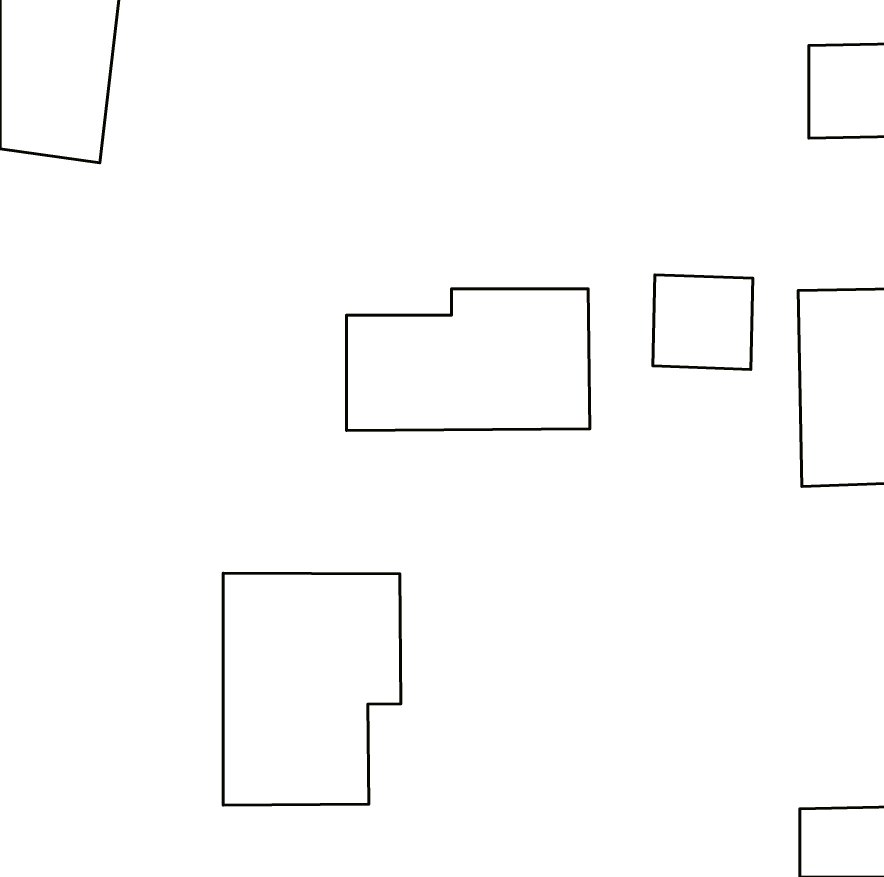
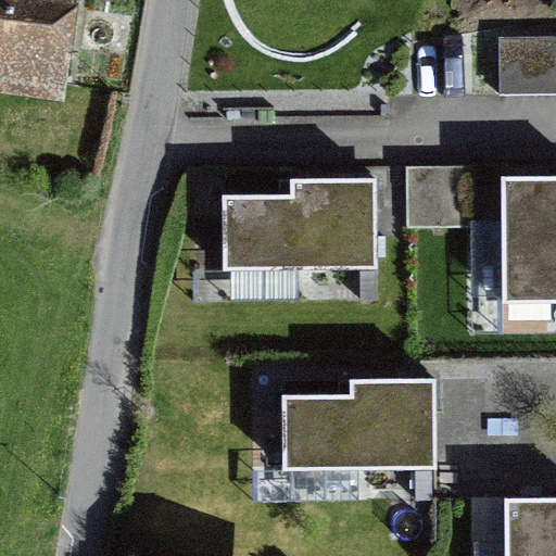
building: [223,573,401,805] -> none
building: none -> [280,381,430,469]

